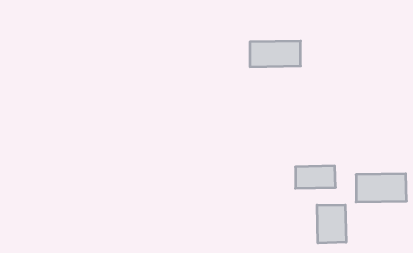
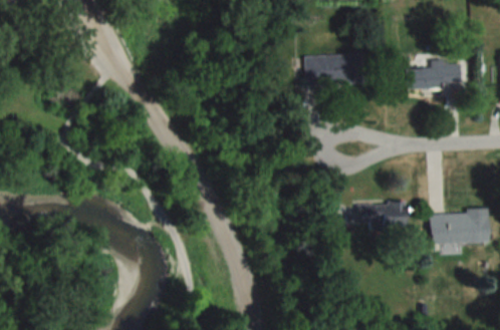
building: none -> [407,60,462,89]
building: [317,205,346,243] -> none

